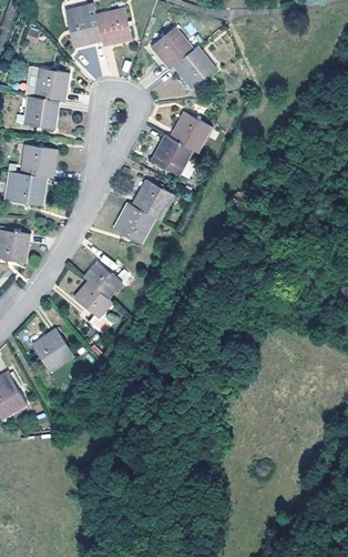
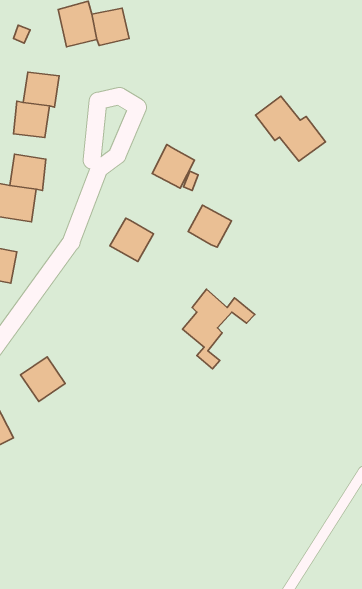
building: [152,27,216,87] -> [255,96,326,161]
building: [171,113,209,153] -> none
building: [132,181,172,220] -> [188,205,232,247]
building: [74,262,141,335] -> [182,289,255,369]

